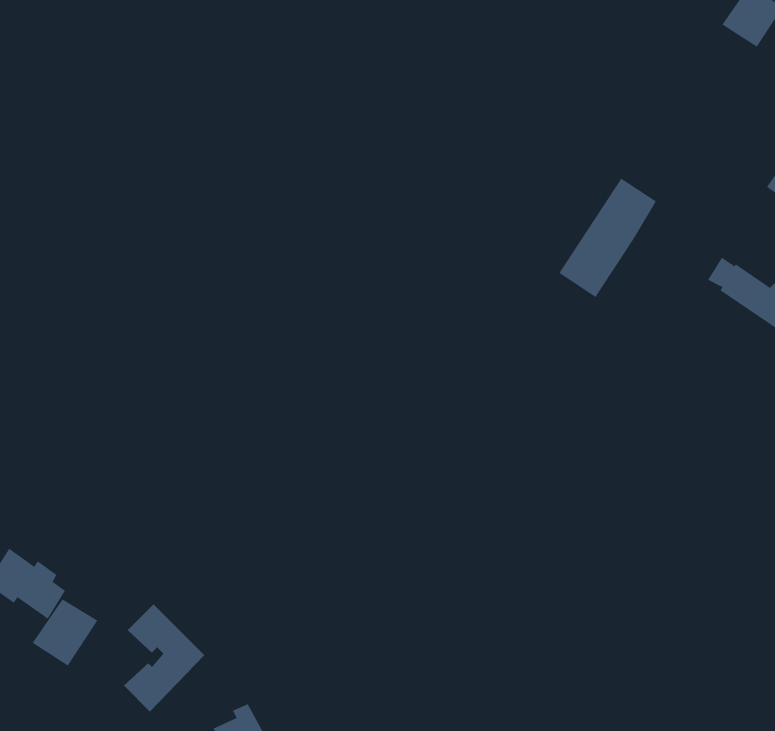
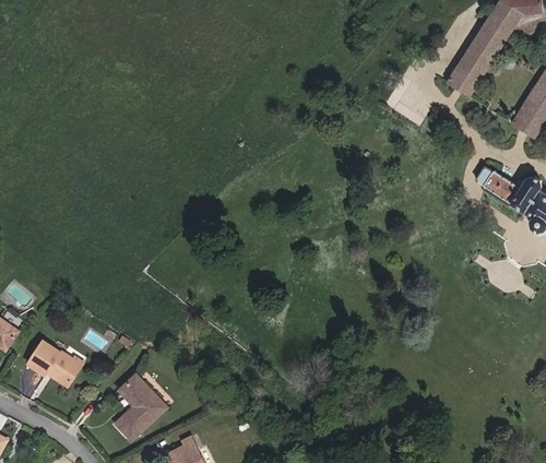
building: [558,178,657,298] -> [443,23,503,96]
building: [32,598,98,667] -> none

